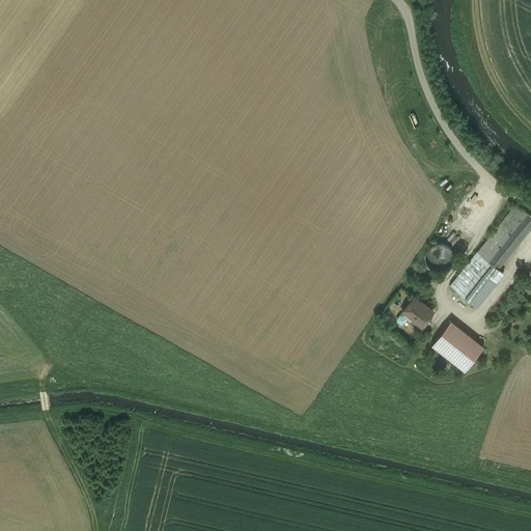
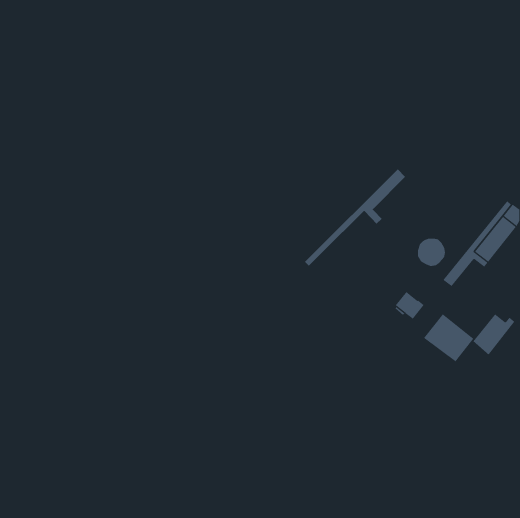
building: none -> [304,168,406,267]
building: [460,267,504,309] -> [472,314,515,355]

